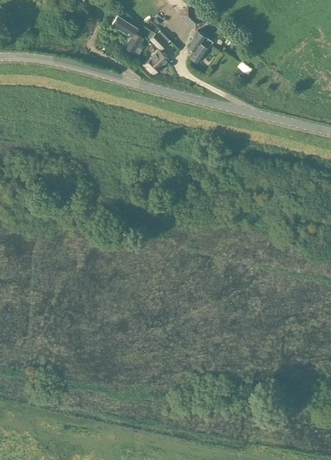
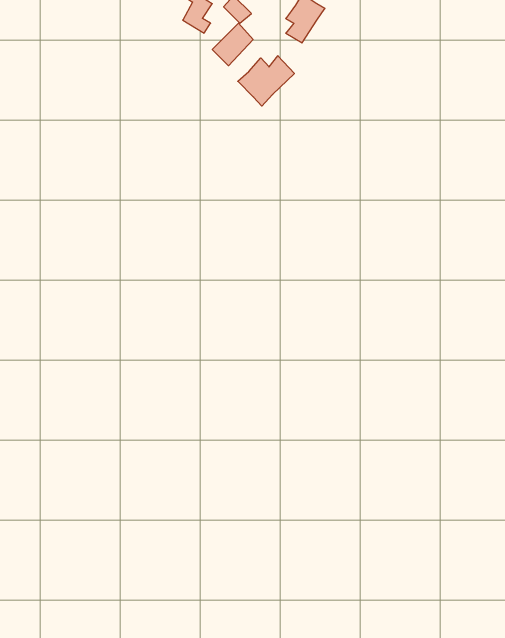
building: none -> [238,56,294,106]

